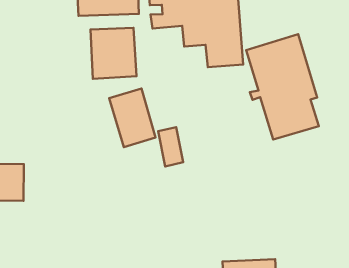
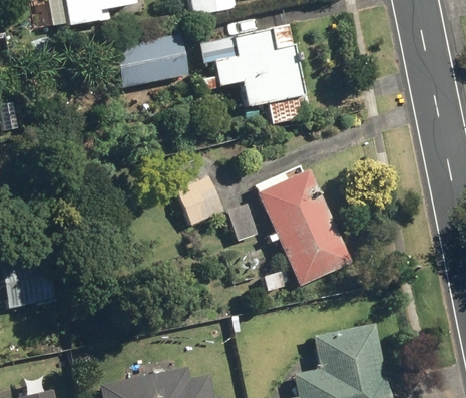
building: [91,28,137,79] -> none
building: [246,34,319,139] -> [258,164,348,283]

